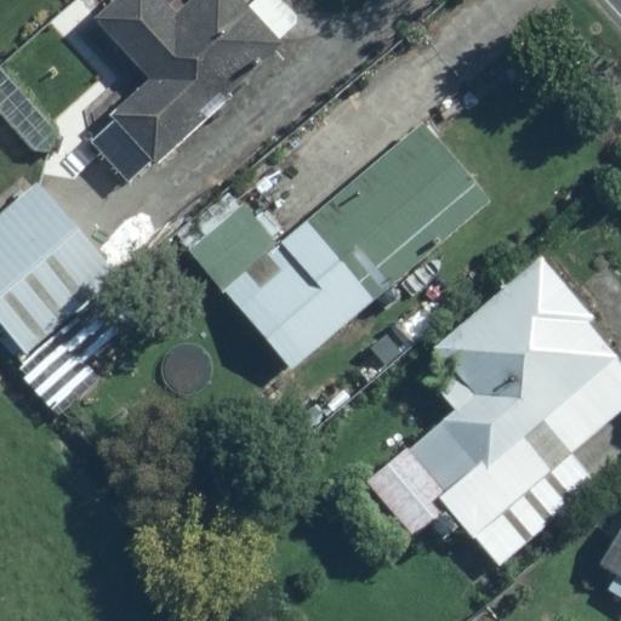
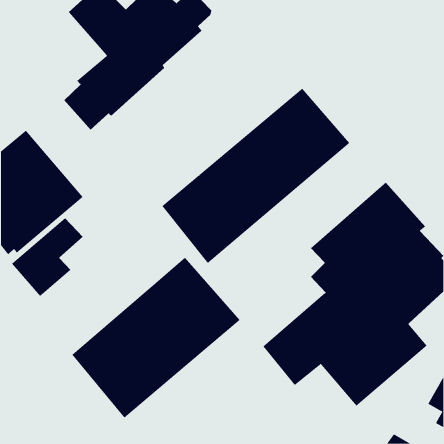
building: [176,190,278,287] -> none
building: none -> [71,257,240,419]

